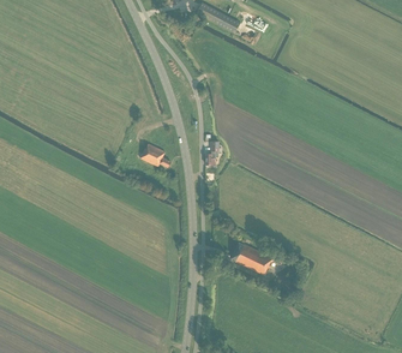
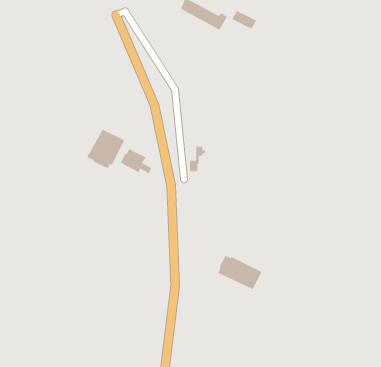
building: none -> [87,129,125,169]

